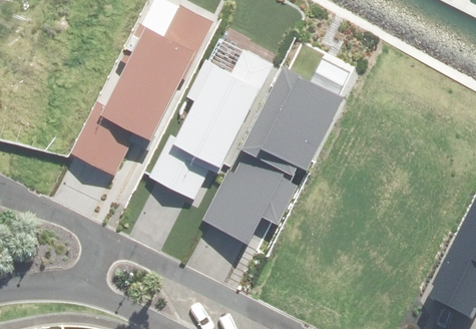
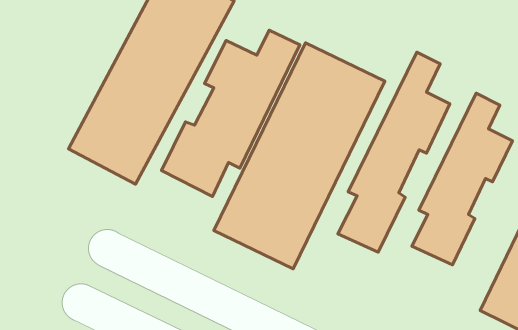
building: none -> [338,52,450,252]
building: none -> [412,93,512,265]

